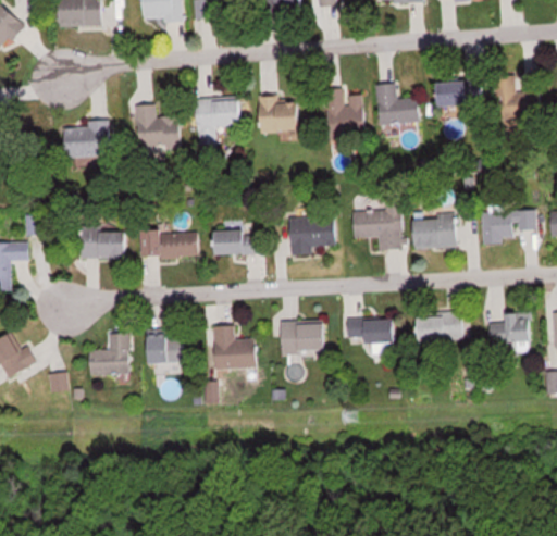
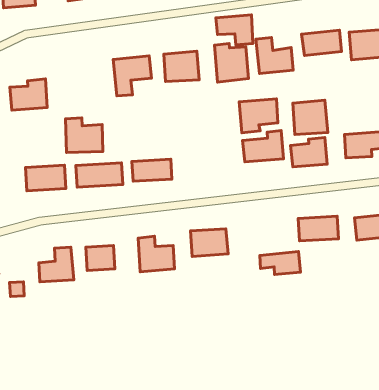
building: none -> [216,15,253,45]
building: [134,104,181,148] -> [65,118,103,153]
building: none -> [293,100,328,134]
building: [288,215,335,255] -> [239,99,278,133]
building: [347,319,397,346] -> [260,252,301,275]

